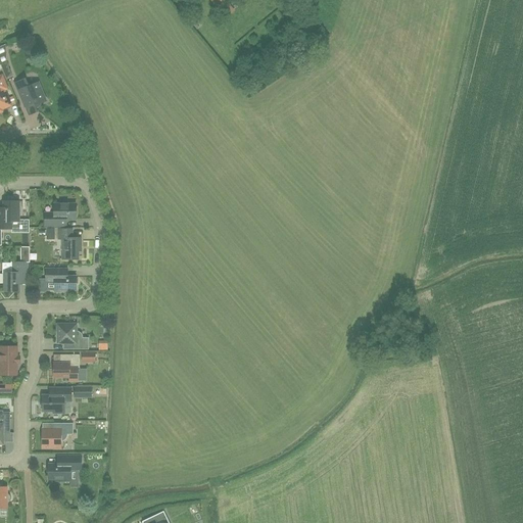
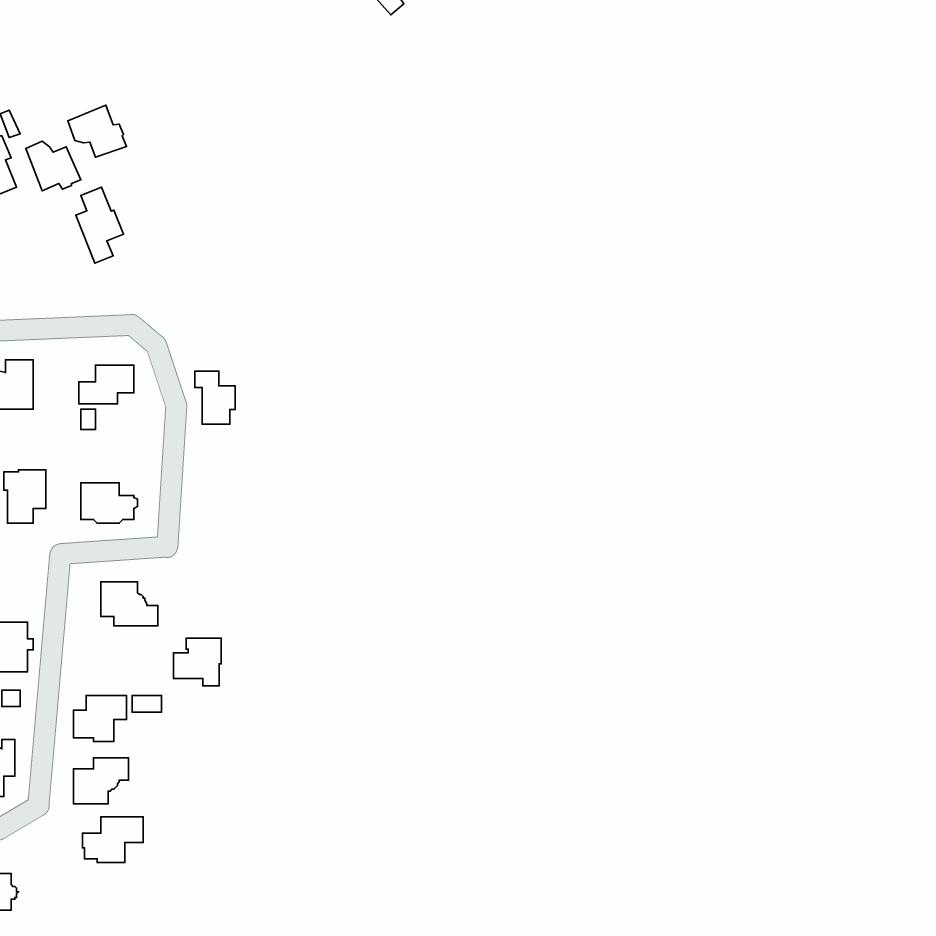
building: none -> [68,105,127,157]
building: none -> [76,187,124,263]
building: [57,229,80,258] -> [195,371,235,424]
building: [52,353,79,380] -> [173,638,221,686]

